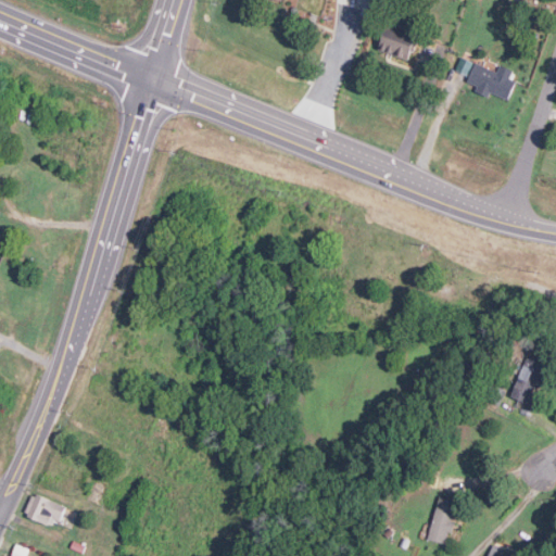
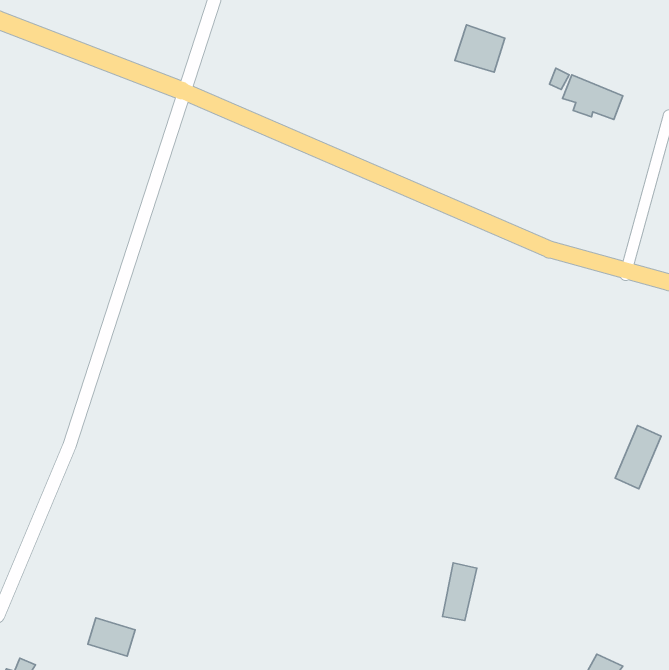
building: [23,495,62,527] -> [88,618,135,656]
building: [427,496,455,544] -> [443,563,477,621]

